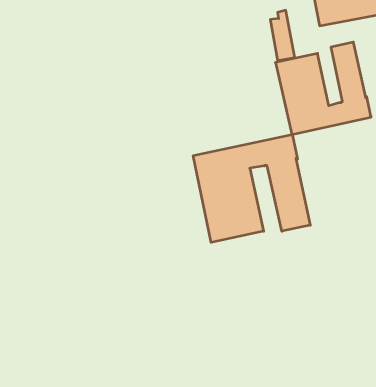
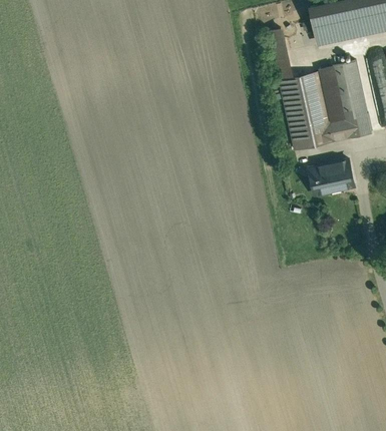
building: [193,134,310,242] -> none
building: none -> [313,159,352,192]

